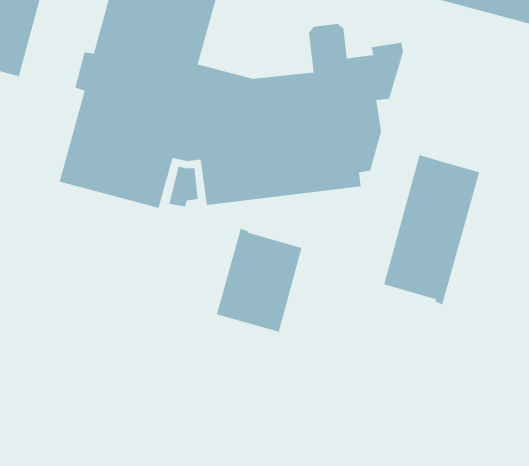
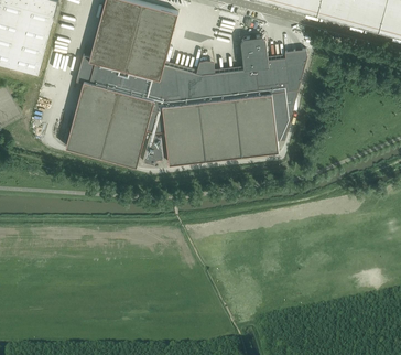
building: [383,155,480,306] -> none
building: [216,228,302,333] -> none

